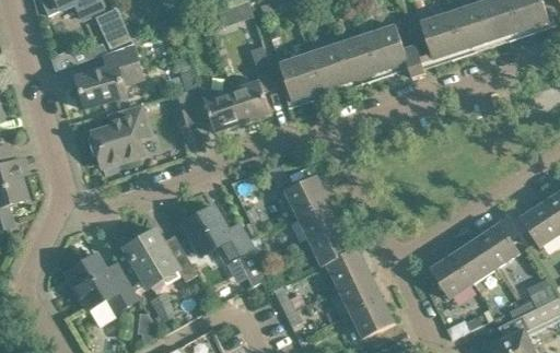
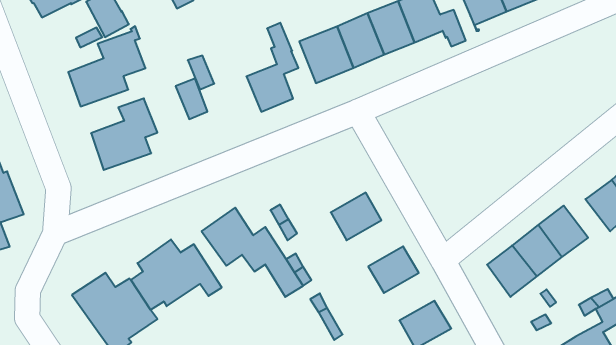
building: [203,91,242,131] -> none
building: [284,174,328,214] -> none
building: [308,224,358,266] -> none
building: [338,272,382,313] -> none

